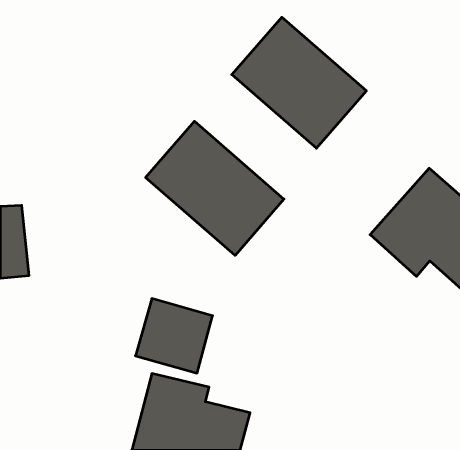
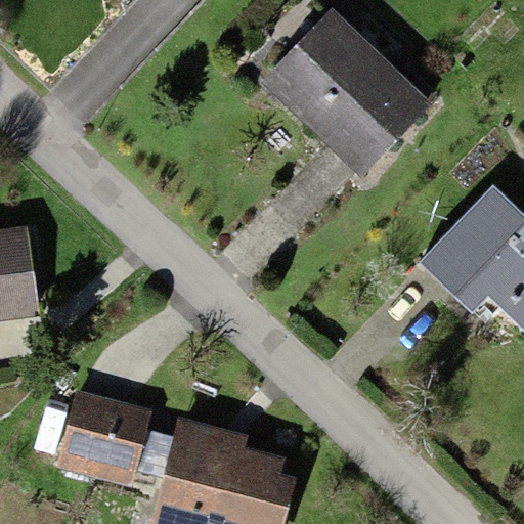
building: [146,121,284,255] -> none
building: [135,299,213,373] -> [58,392,145,476]

